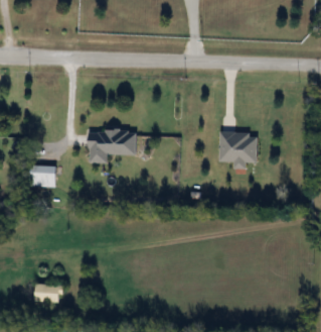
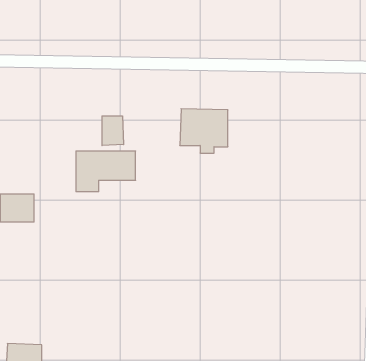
building: none -> [102,116,124,146]
building: [218,131,257,167] -> [180,109,228,153]

